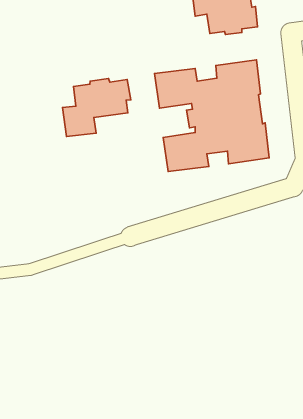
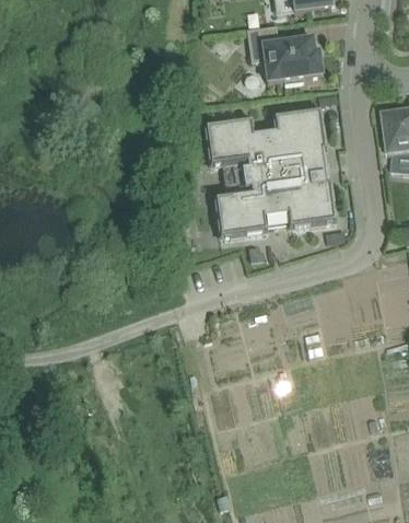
building: [63,78,131,137] -> none

